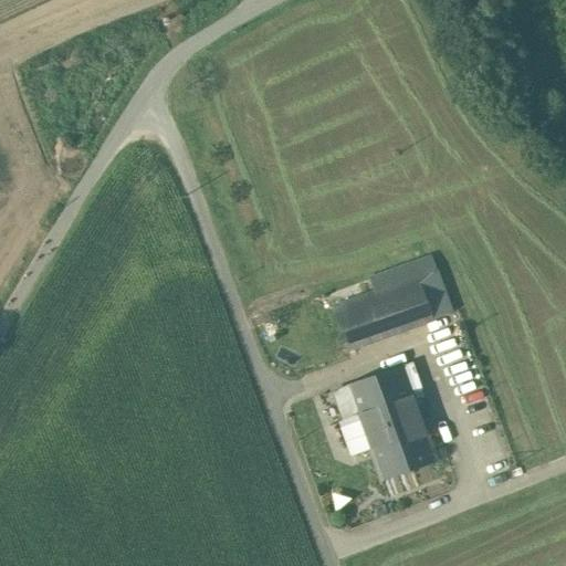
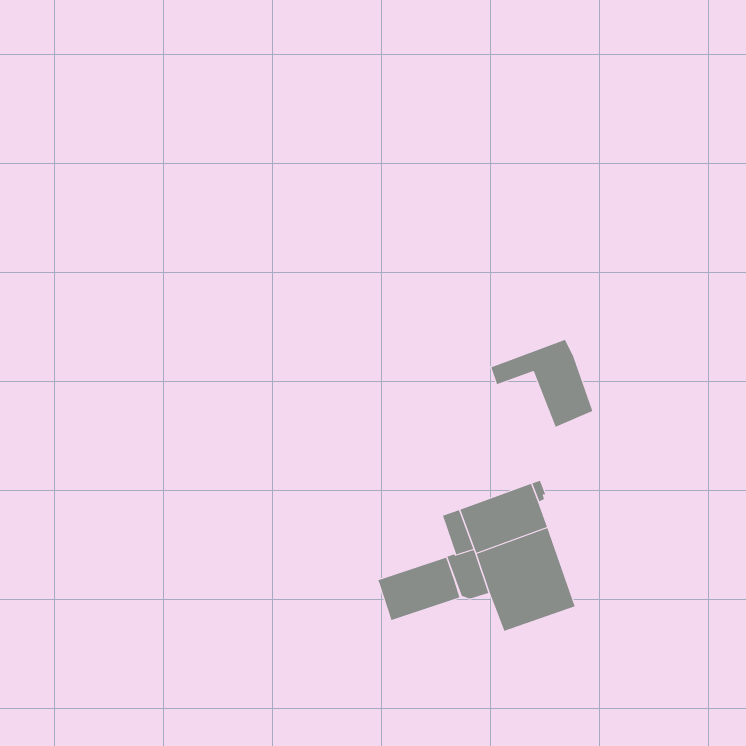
building: [335,280,421,347] -> none
building: none -> [378,557,460,621]

